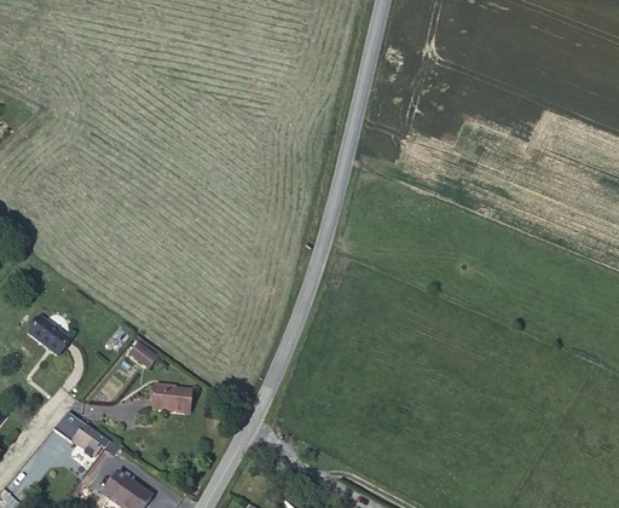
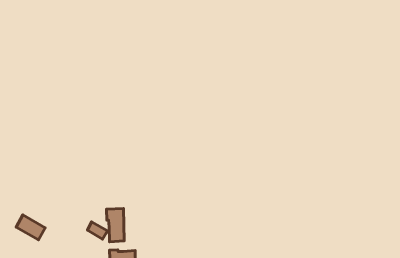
building: none -> [106,208,124,242]

